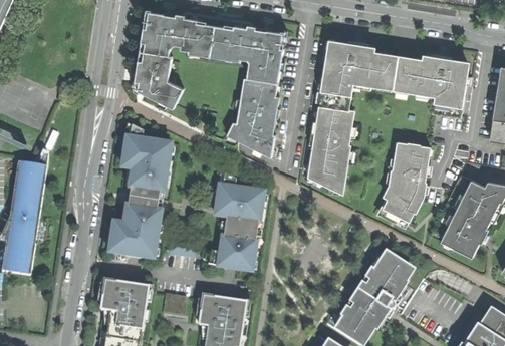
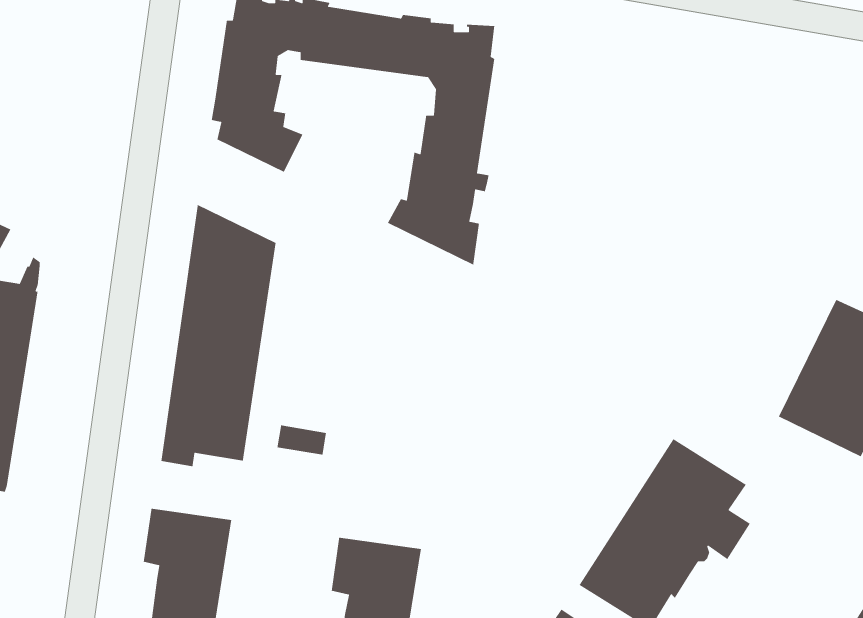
building: [302,41,468,192] -> none
building: [380,142,431,225] -> none
building: [207,171,261,270] -> none
building: [162,295,186,316] -> none

